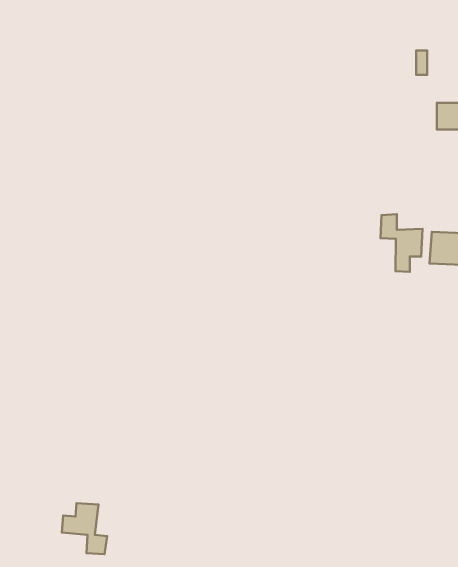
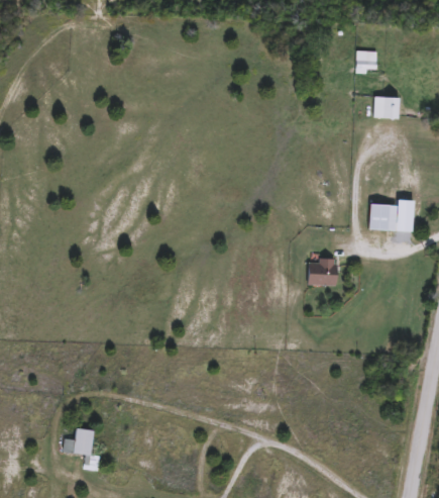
building: [381,214,423,272] -> none
building: none -> [310,259,338,285]

